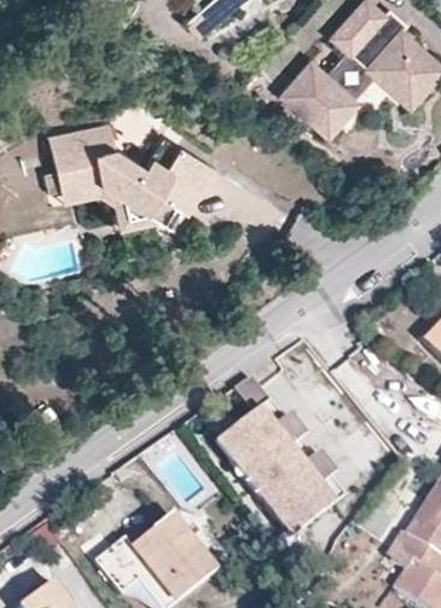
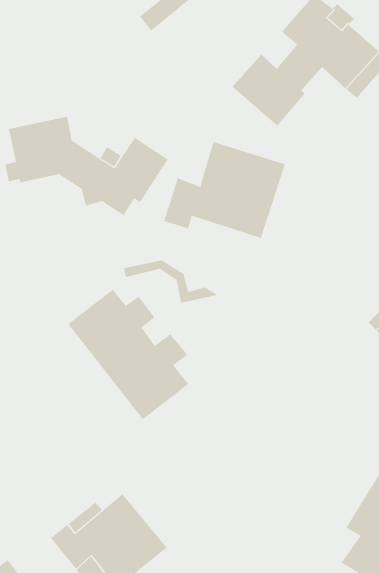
building: none -> [163,141,285,239]
building: [63,184,161,228] -> [123,260,218,303]
building: [213,403,338,538] -> [67,289,189,420]

